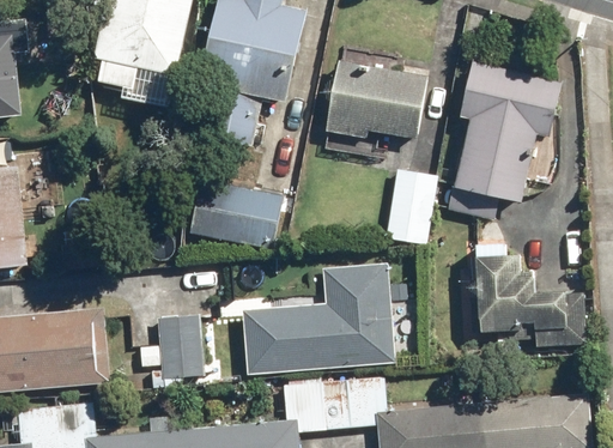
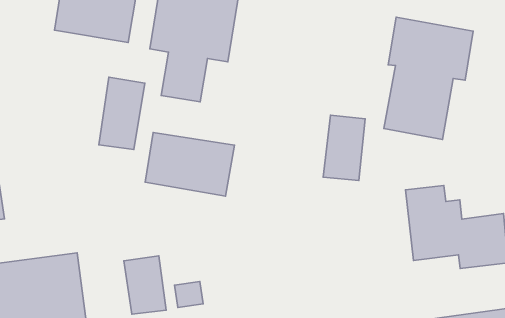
building: [323,60,425,139] -> none
building: none -> [99,77,145,149]
building: [238,262,393,375] -> none

